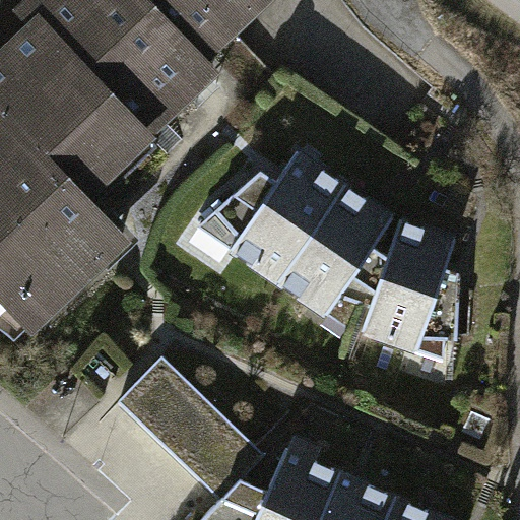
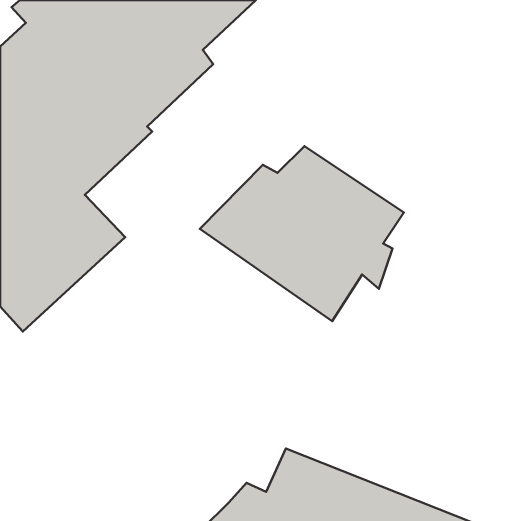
building: [360,217,461,358] -> none
building: [118,358,265,501] -> none

